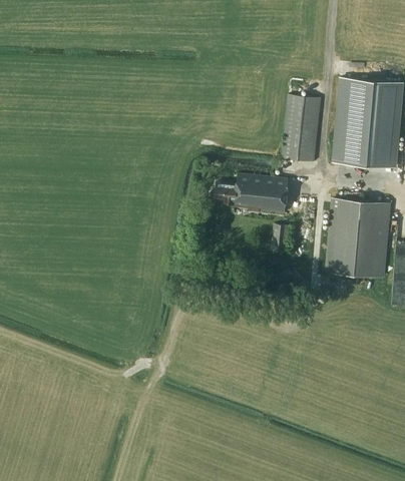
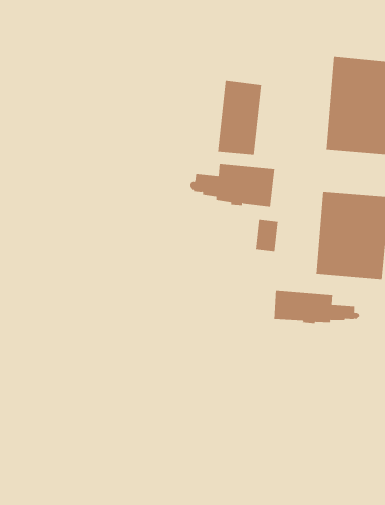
building: [281,94,321,161] -> [217,80,262,155]
building: none -> [274,290,360,324]

